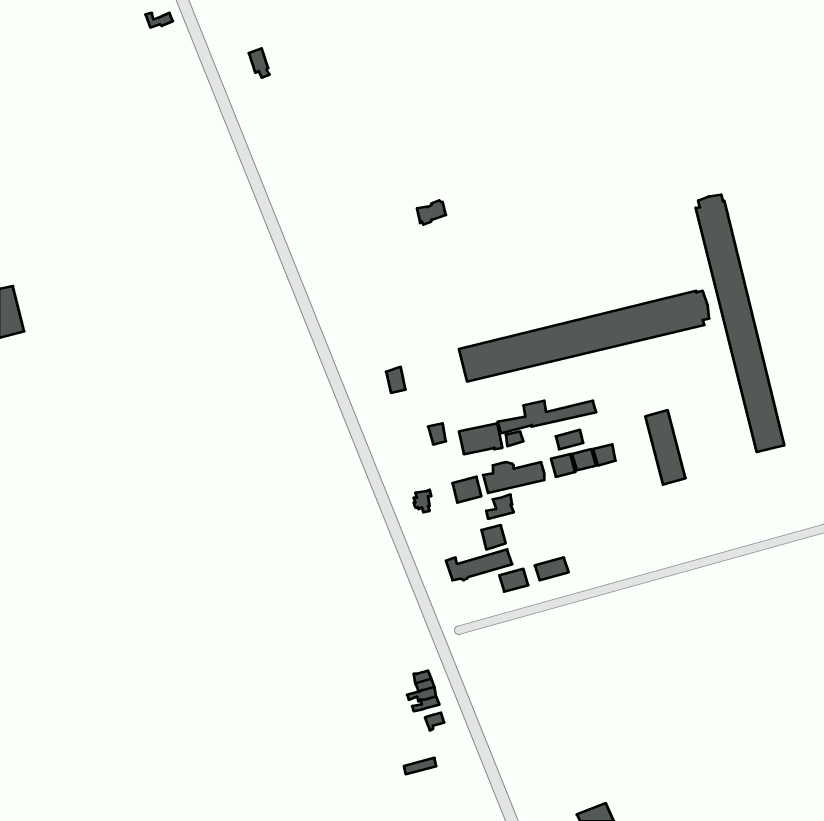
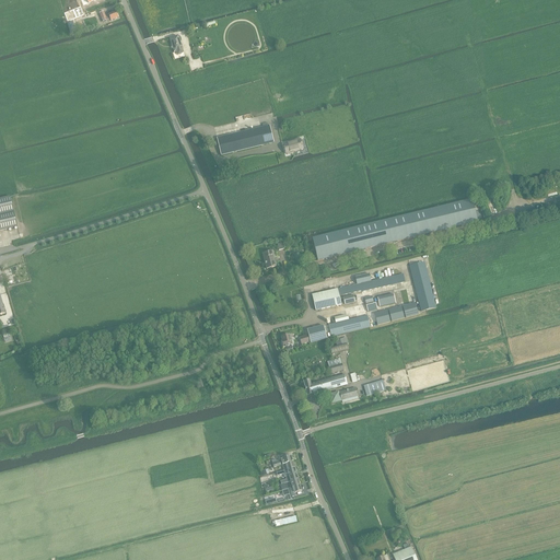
building: none -> [215,122,272,152]
building: [696,195,784,452] -> none
building: [645,410,686,485] -> [408,259,435,310]

